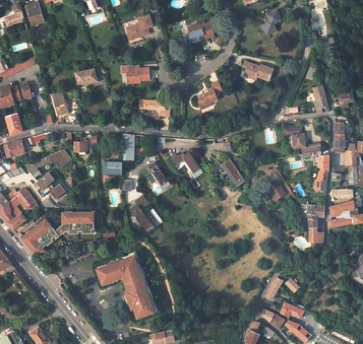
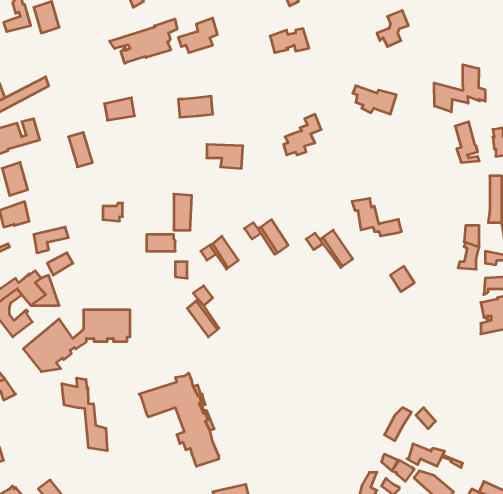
building: none -> [110,19,177,63]
building: none -> [434,65,485,112]
building: [287,128,320,153] -> [352,198,402,236]
building: [306,205,323,243] -> none
building: none -> [62,378,107,451]

